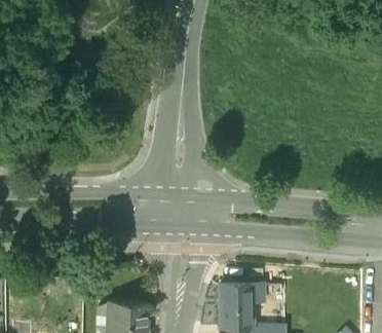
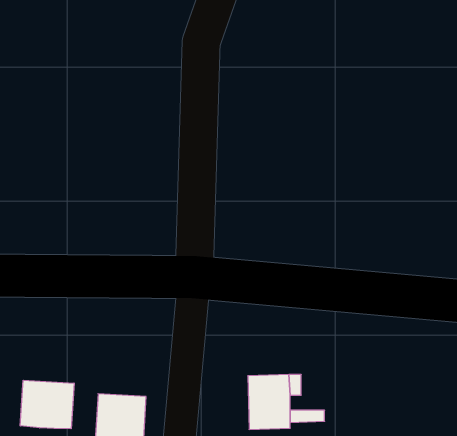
building: none -> [20,380,74,429]

